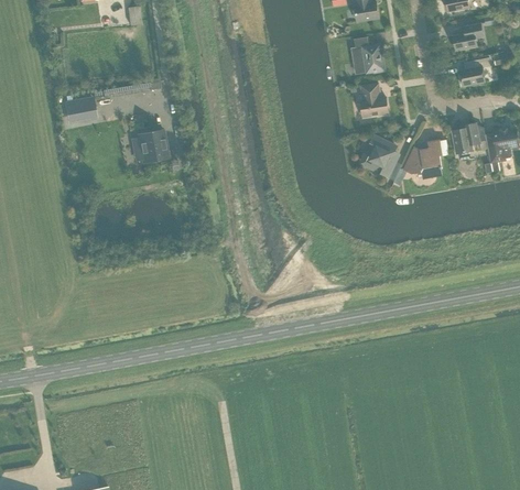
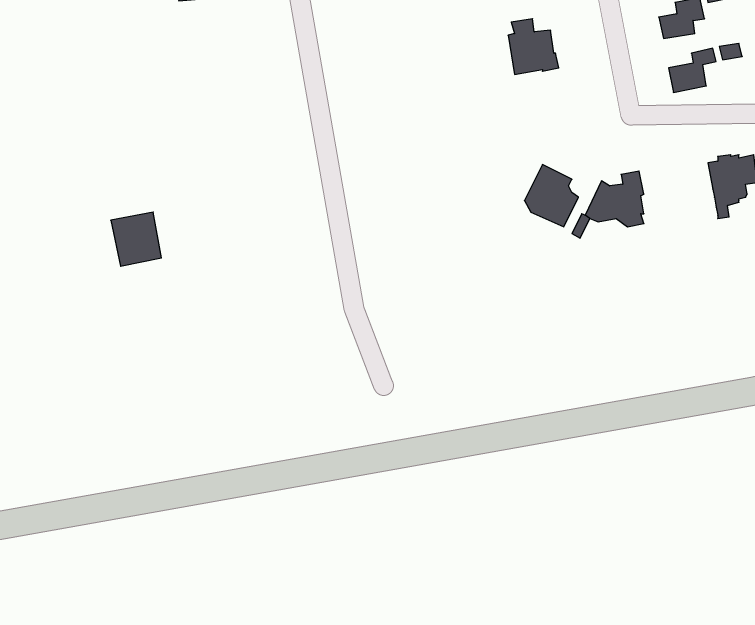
building: [360,83,388,117] -> none
building: [64,97,94,120] -> none
building: [451,122,479,160] -> none
building: [134,127,169,163] -> [111,212,161,266]

